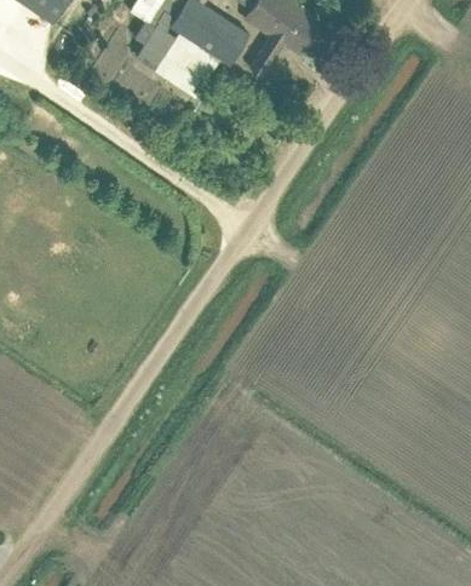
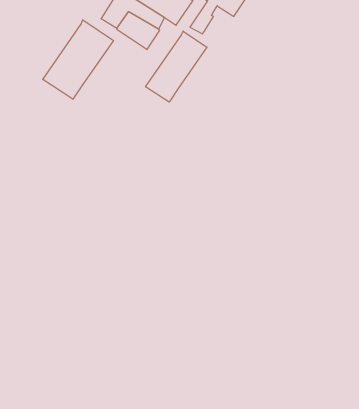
building: none -> [43,20,113,99]
building: none -> [146,31,207,102]

